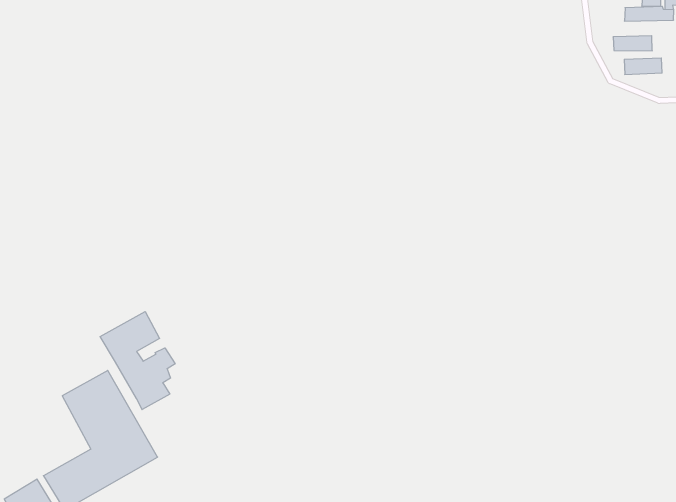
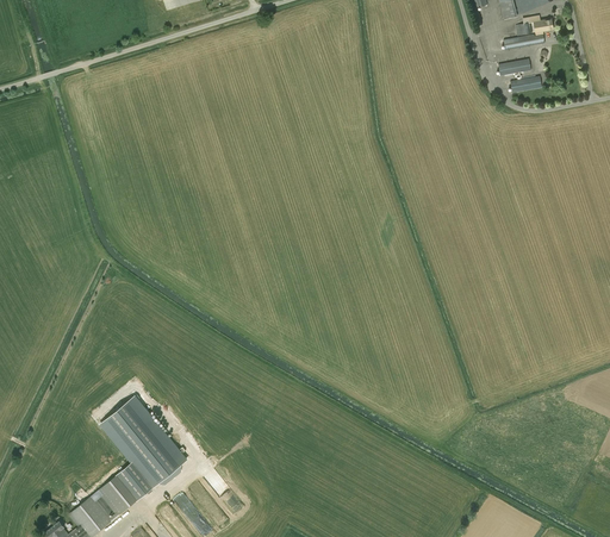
building: [100,312,175,410] -> none

